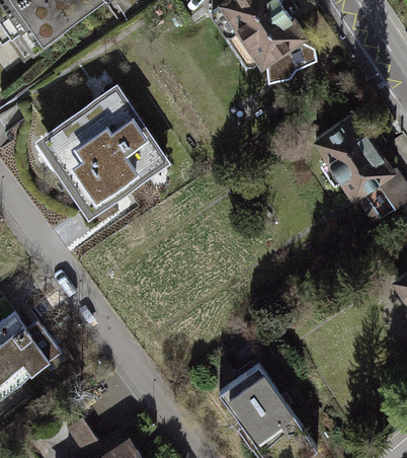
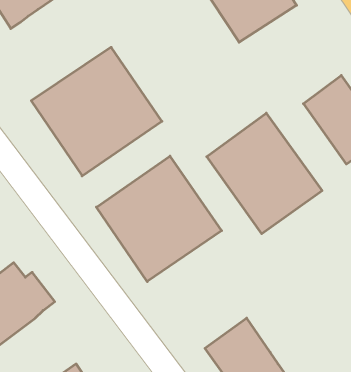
building: none -> [207,113,322,234]
building: none -> [96,156,222,282]

